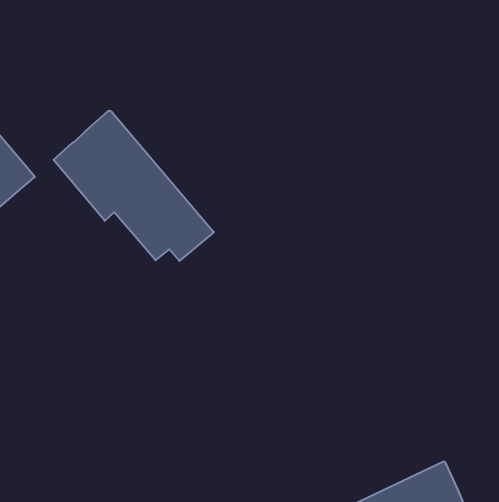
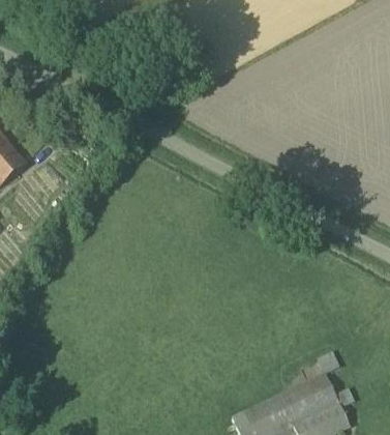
building: [54,111,214,261] -> none

